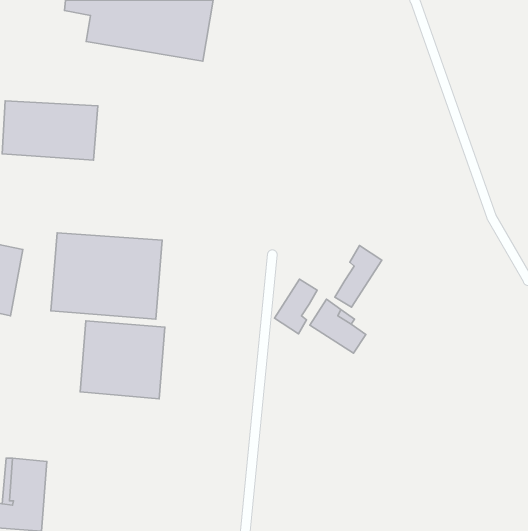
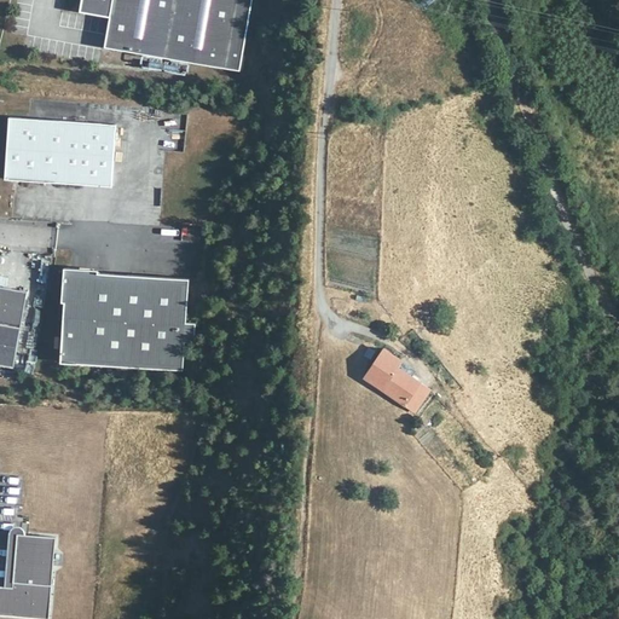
building: [335,246,382,307] -> none
building: [274,279,317,334] -> none
building: [80,321,165,399] -> none

